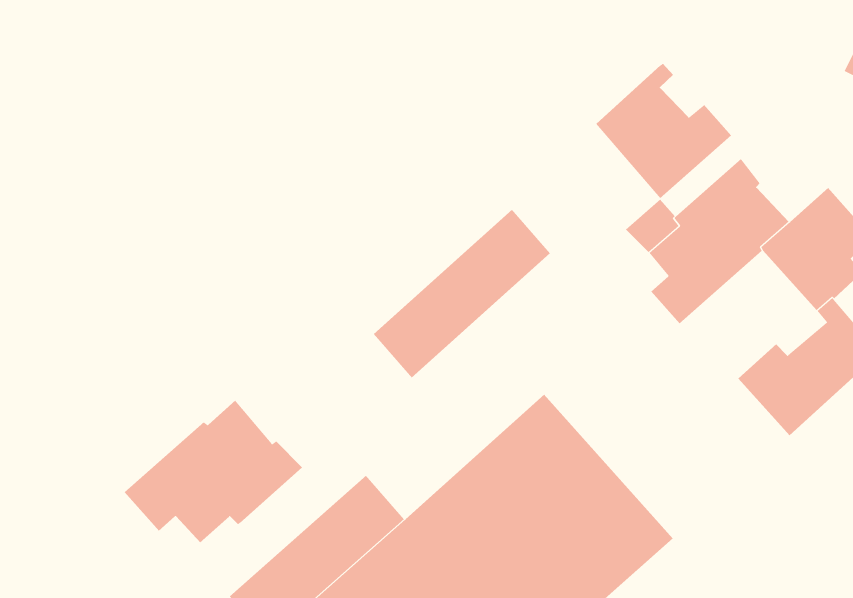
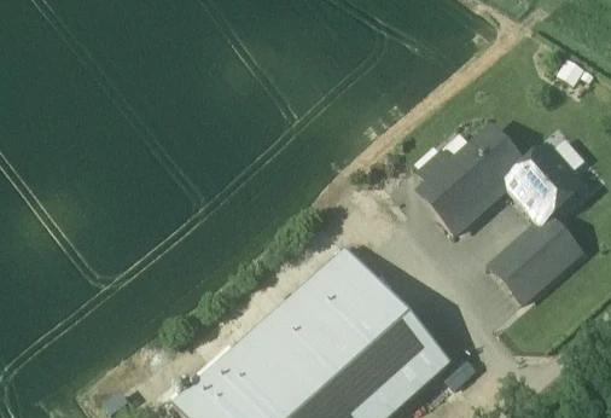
building: [596,63,732,199] -> none
building: [373,209,551,379] -> [260,245,371,352]
building: [124,400,303,543] -> none

